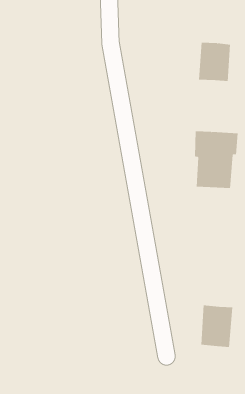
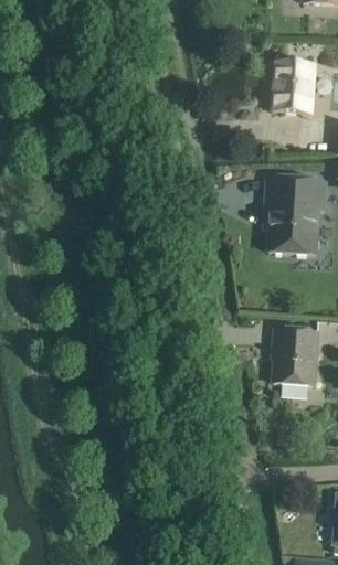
building: [200,305,233,347] -> [273,327,316,383]

